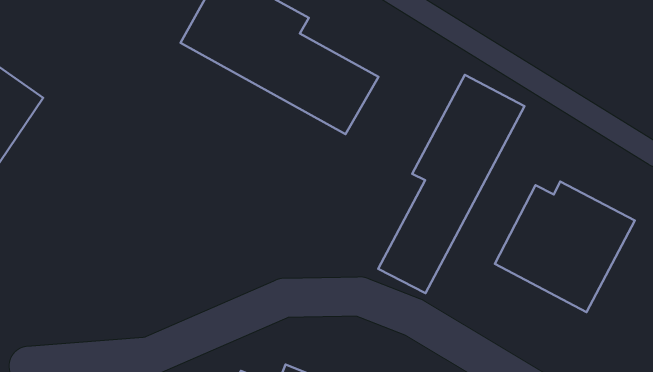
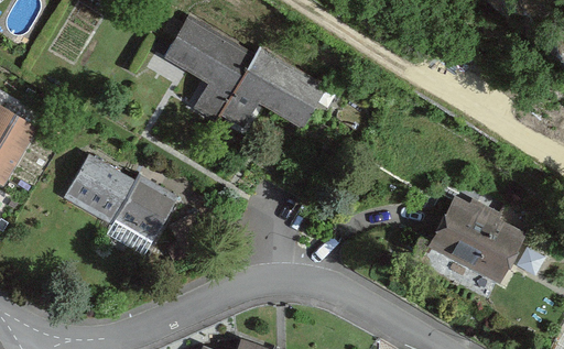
building: [378,75,524,293] -> none
building: none -> [58,146,176,242]

